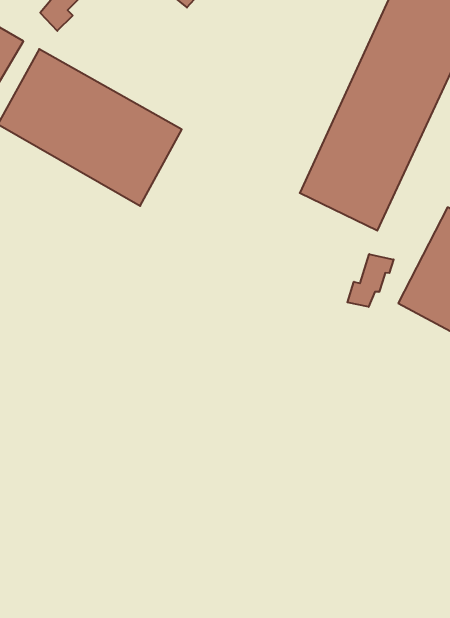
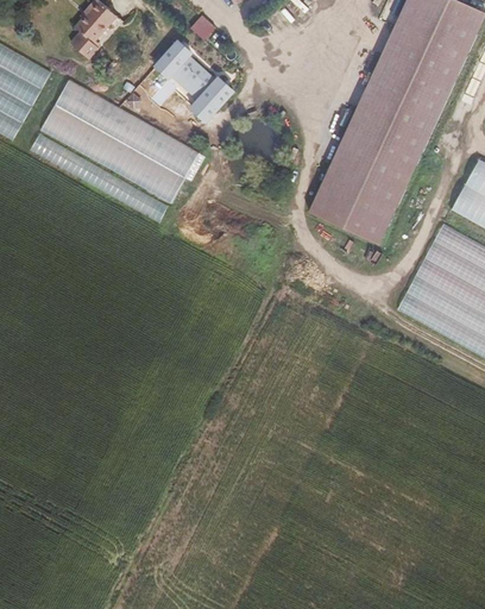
building: none -> [150,38,235,125]
building: [347,254,394,307] -> none

